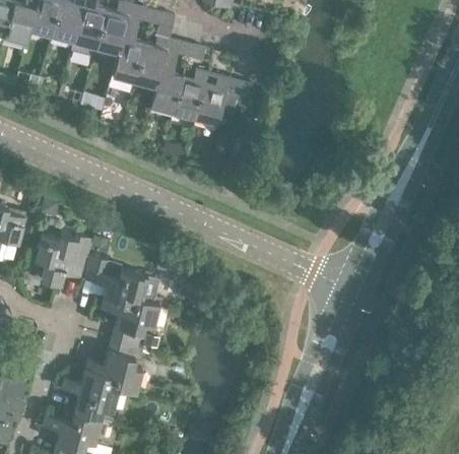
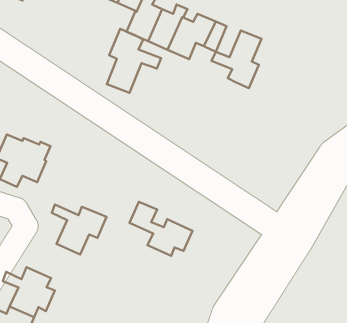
building: none -> [212,31,262,88]
building: none -> [107,29,161,93]
building: [80,257,147,308] -> [130,202,193,256]
building: [83,341,141,395] -> none

